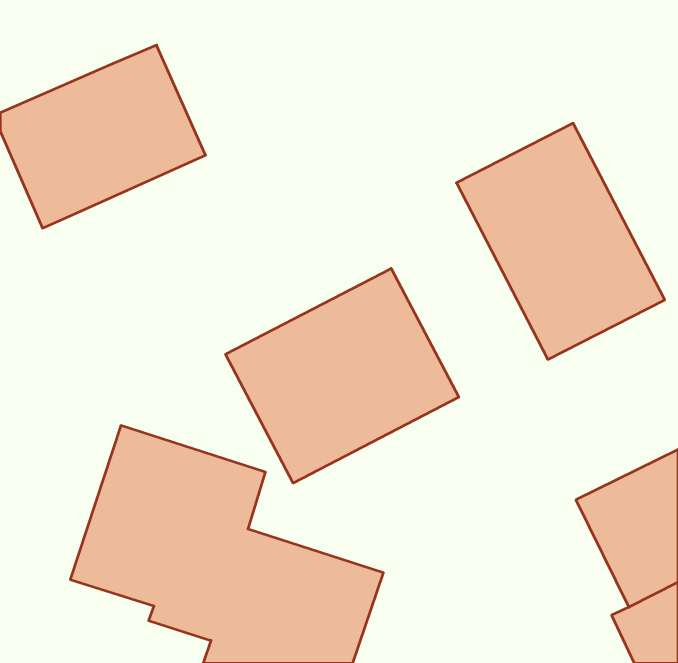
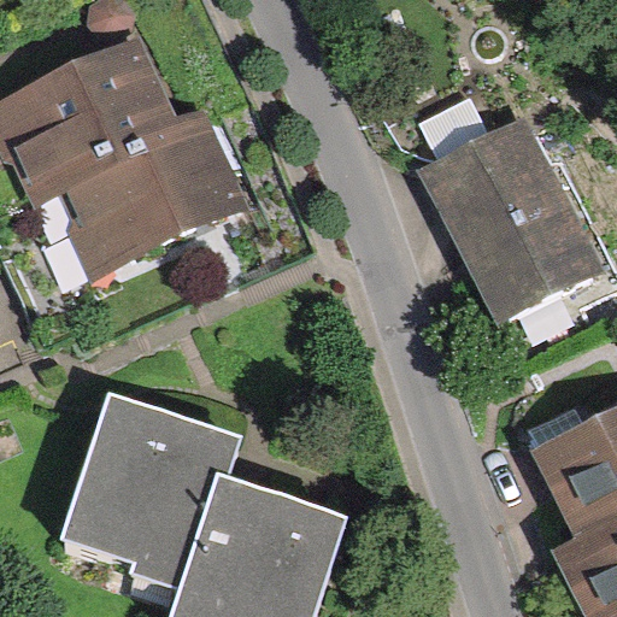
building: none -> [69,129,252,276]
building: [226,268,459,483] -> none

